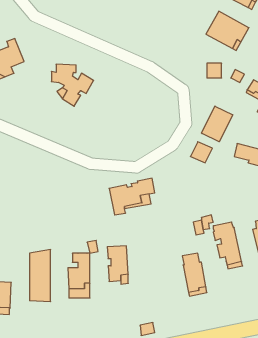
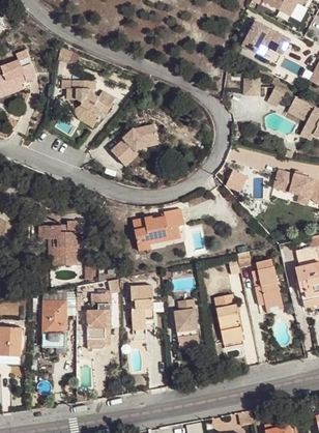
building: none -> [111,124,157,166]
building: [201,106,233,142] -> none
building: none -> [45,222,77,265]
building: none -> [174,299,200,346]

